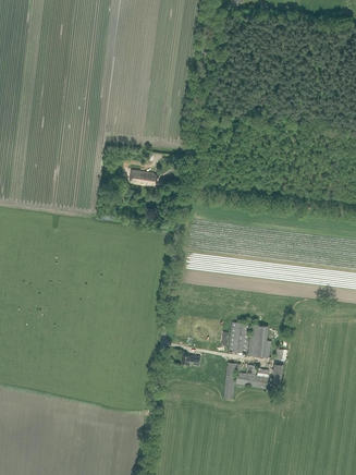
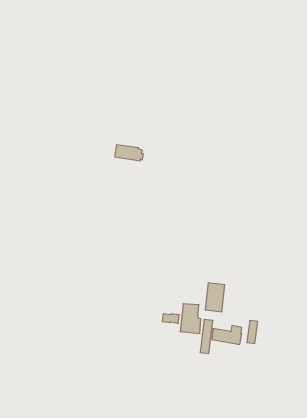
building: [247,325,270,357] -> [180,304,201,334]

